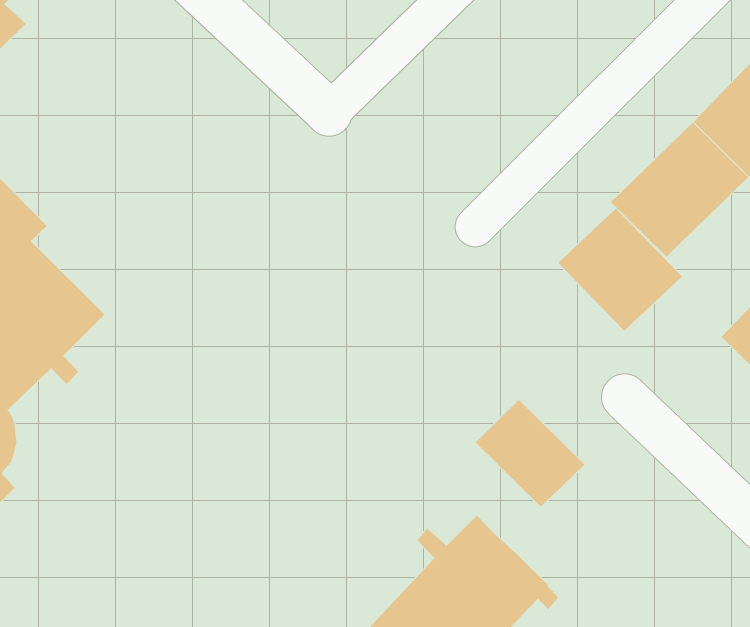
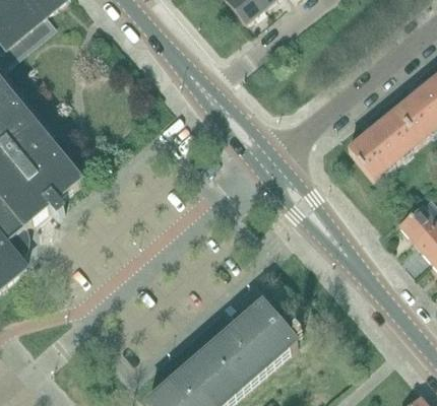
building: [557,208,683,332] -> none
building: [475,399,585,508] -> none

